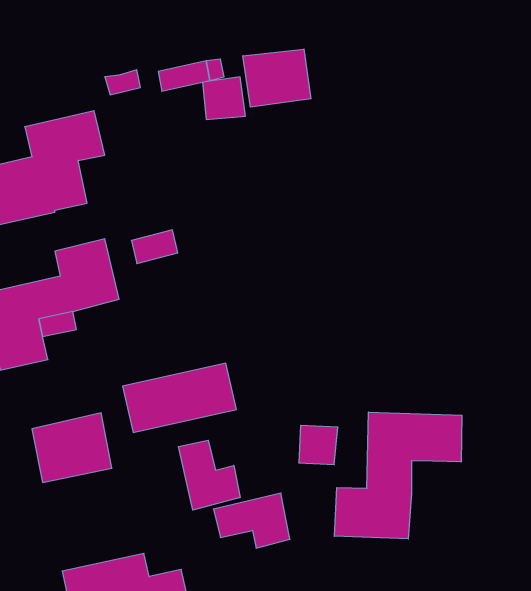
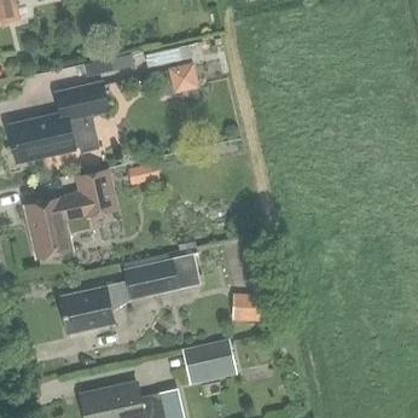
building: [243,49,311,107] -> none
building: [334,412,462,539] -> none
building: [178,440,240,510] -> none

